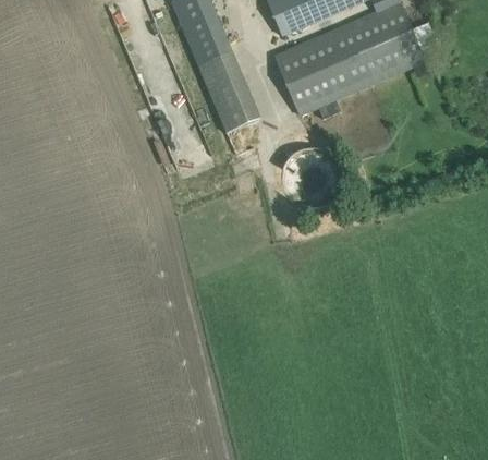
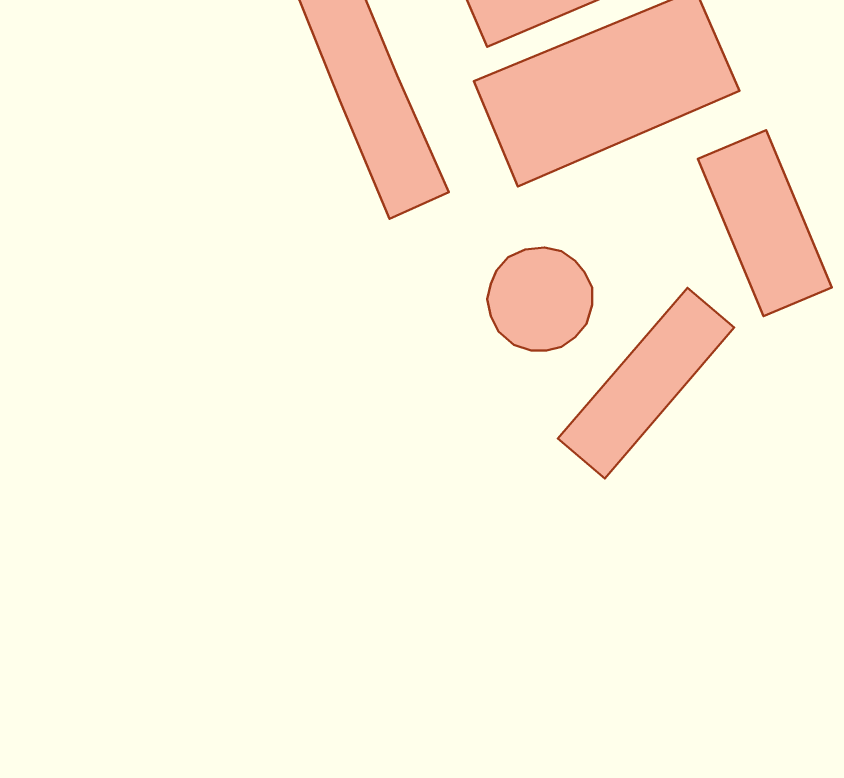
building: none -> [698,130,832,316]
building: none -> [558,288,734,478]

